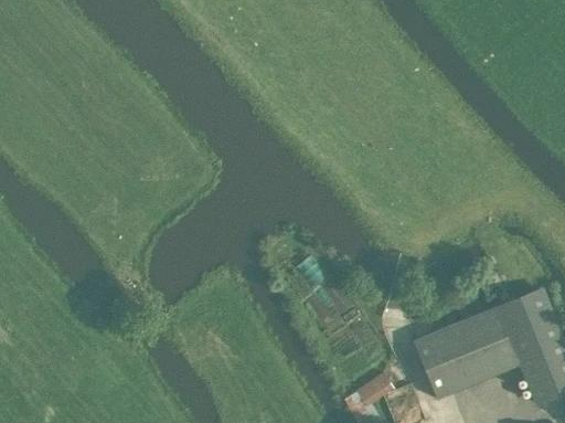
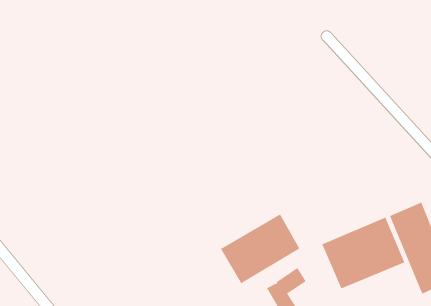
building: none -> [220,213,300,284]

